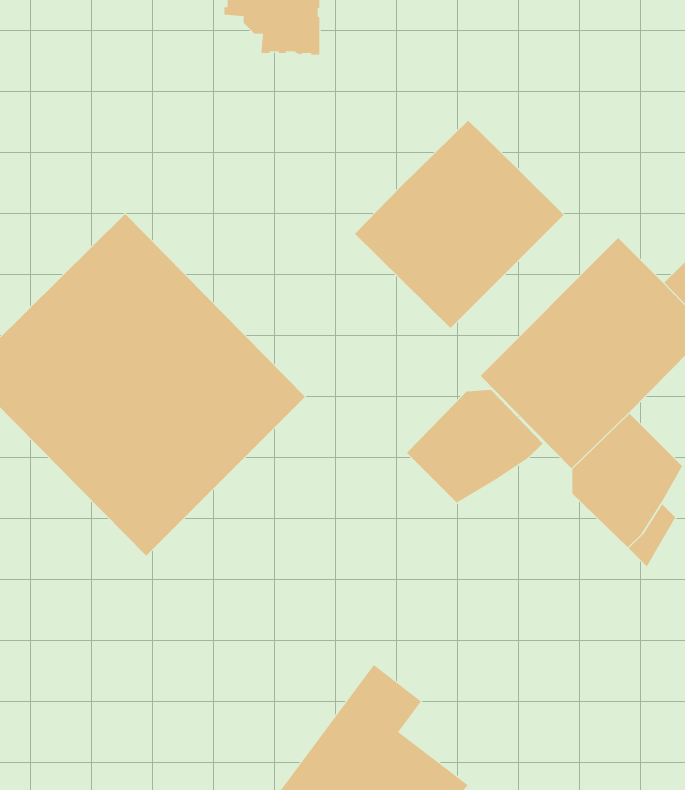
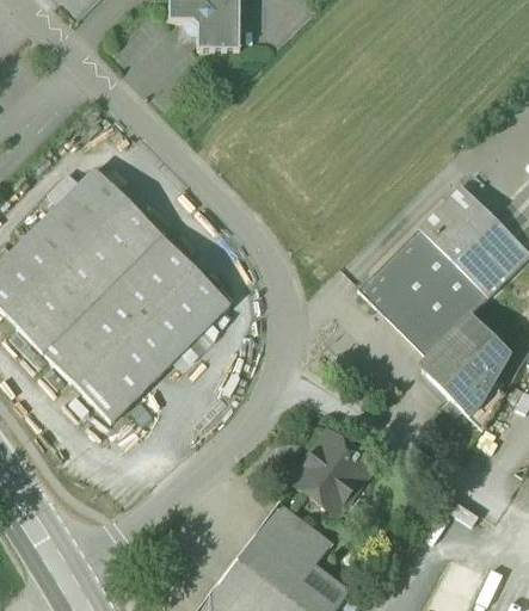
building: [354,120,564,329] -> none
building: [406,389,543,504] -> none
building: none -> [290,431,374,514]

